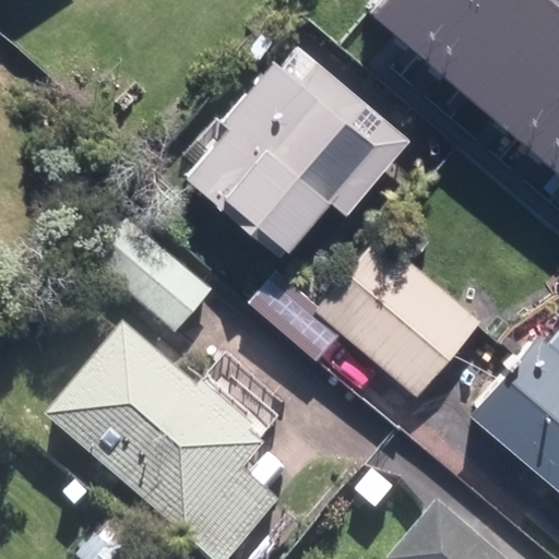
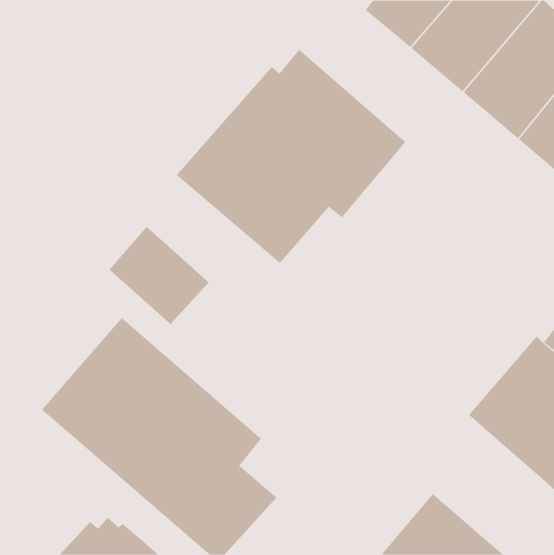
building: [250,238,480,401] -> none

